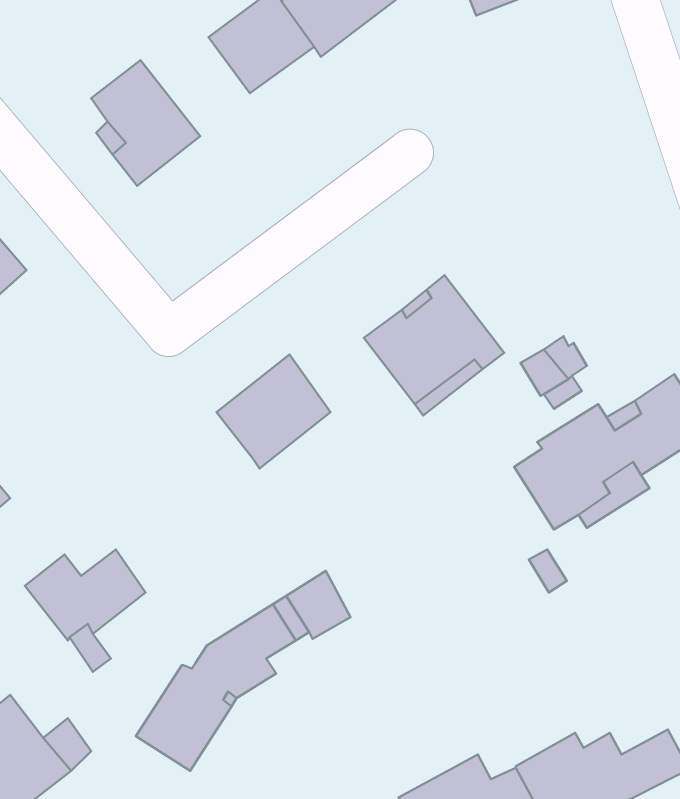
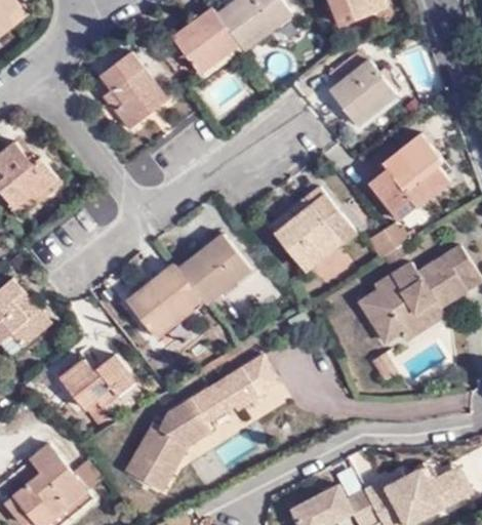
building: none -> [329,62,392,124]
building: none -> [364,131,447,212]
building: none -> [126,265,199,334]
building: none -> [244,356,281,397]

